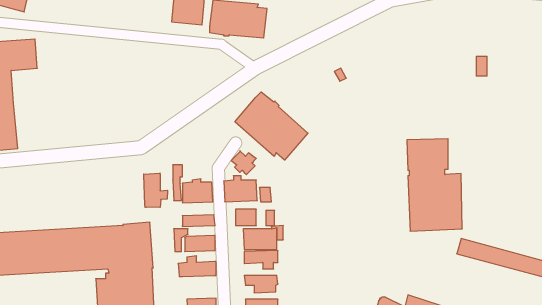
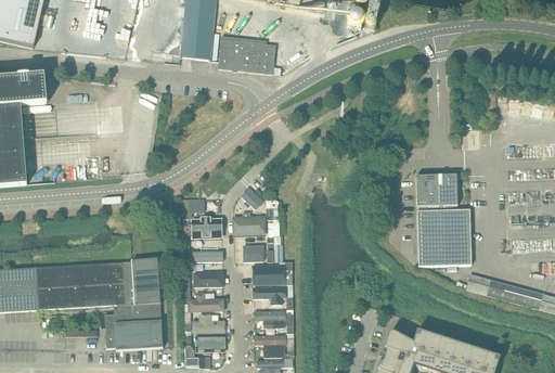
building: [235,92,308,160] -> none
building: [144,173,168,207] -> none
building: none -> [192,312,224,333]

